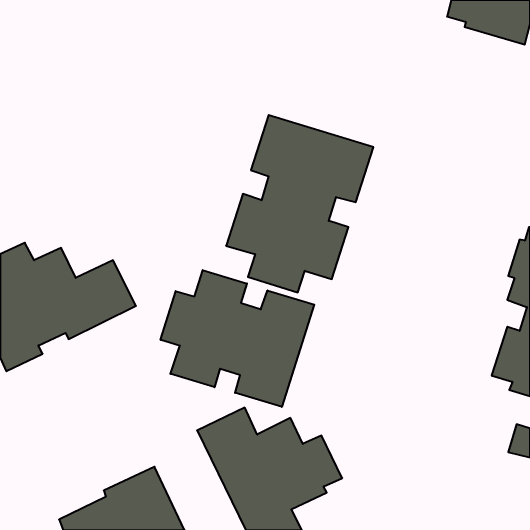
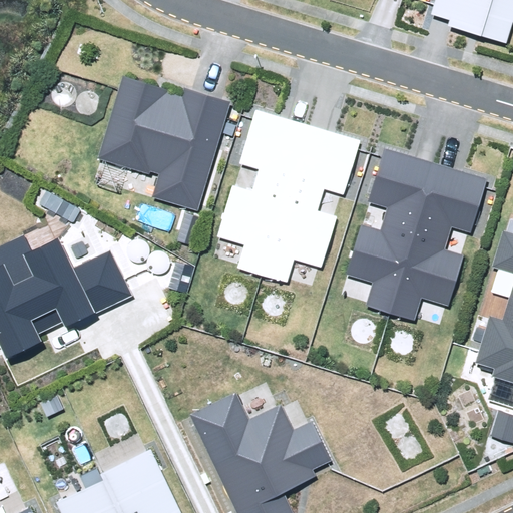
building: none -> [99,77,230,210]
building: none -> [346,148,487,320]
building: [161,270,314,407] -> none

